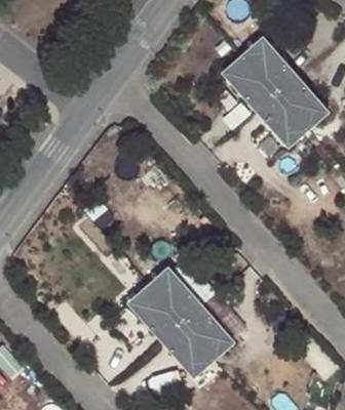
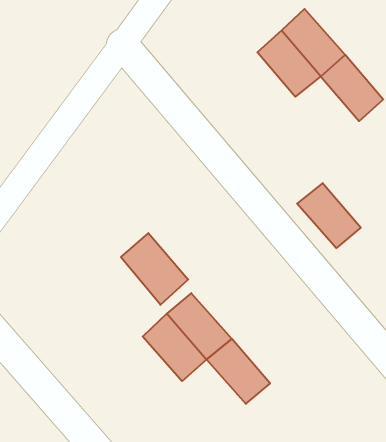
building: [255,94,306,147] -> [297,183,361,248]
building: none -> [121,233,188,305]
building: [163,322,215,375] -> none

